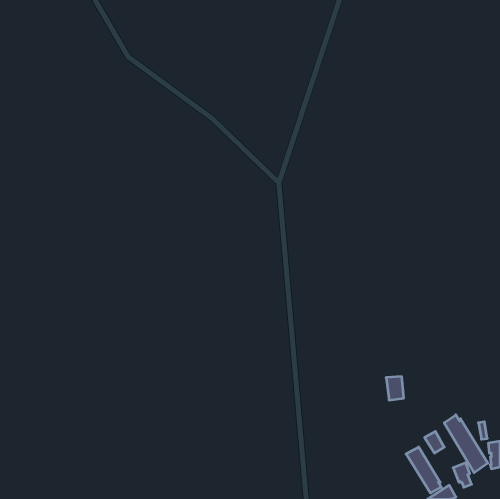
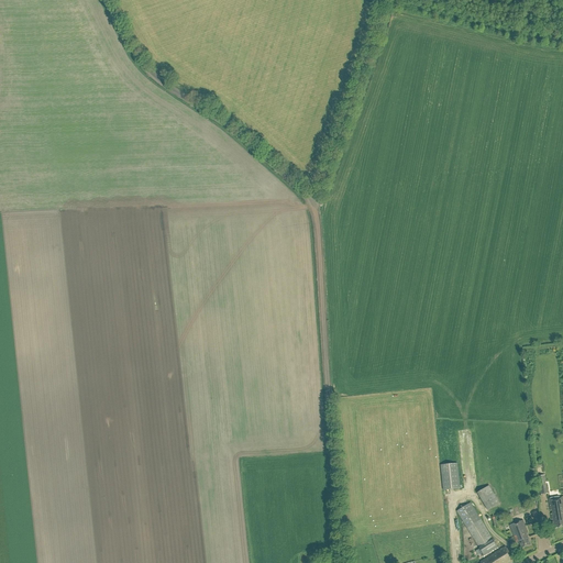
building: [386,377,404,400] -> [440,463,460,489]
building: [444,415,488,473] -> none

